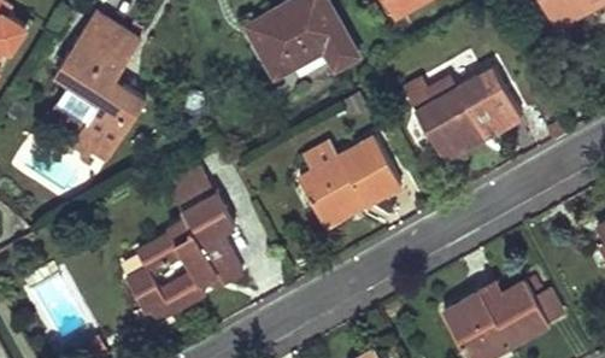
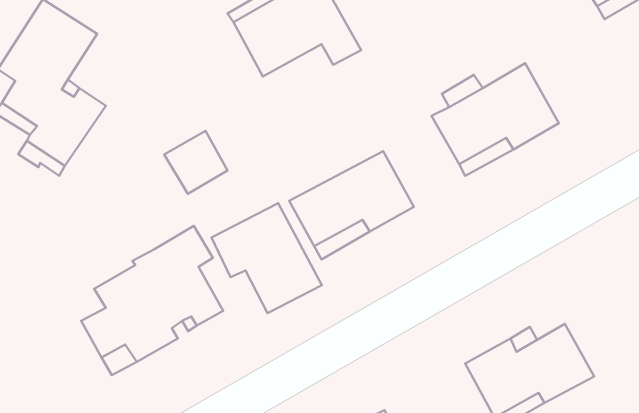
building: [168,168,219,219] -> [164,131,227,194]
building: none -> [211,203,322,313]

